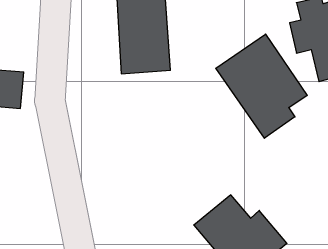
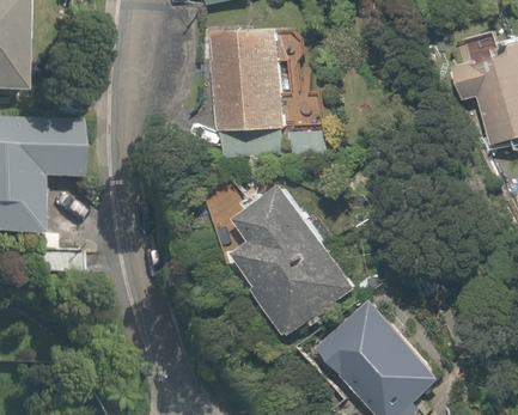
building: [216,34,307,138] -> none
building: none -> [232,183,355,335]

